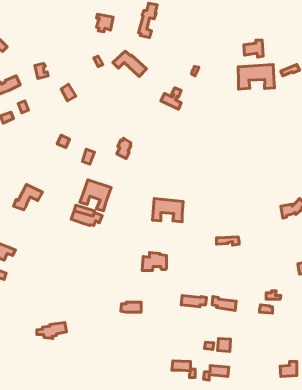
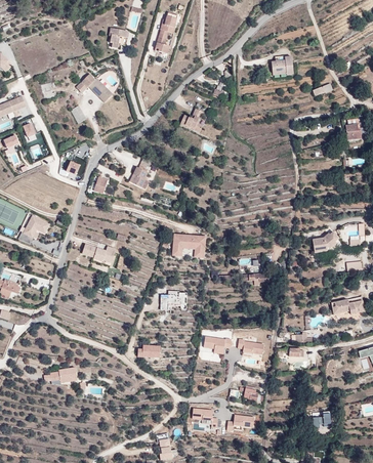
building: [113,51,147,76] -> [76,74,113,101]
building: [238,64,275,89] -> none
building: [80,180,111,211] -> none

